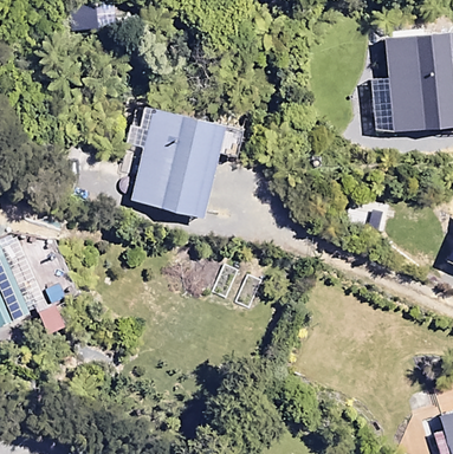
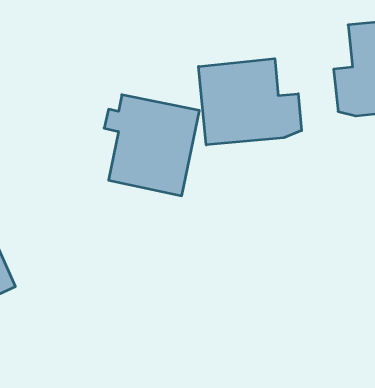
building: none -> [199,59,302,145]

